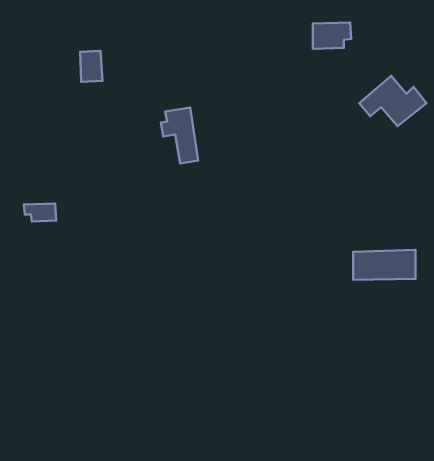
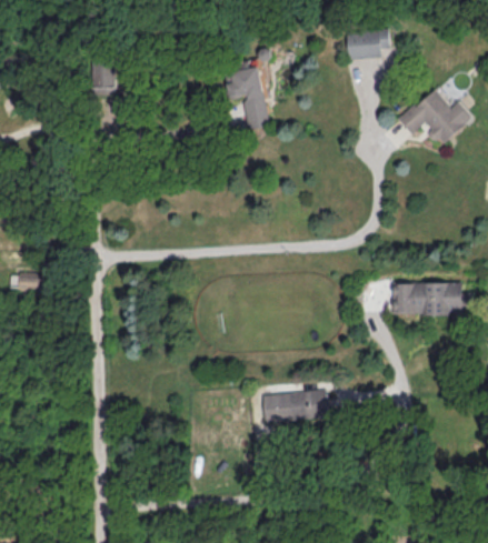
building: [161,107,198,164] -> [227,68,268,130]
building: [24,203,56,221] -> [9,273,44,293]
building: none -> [262,391,328,422]

